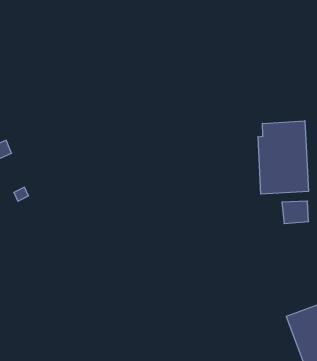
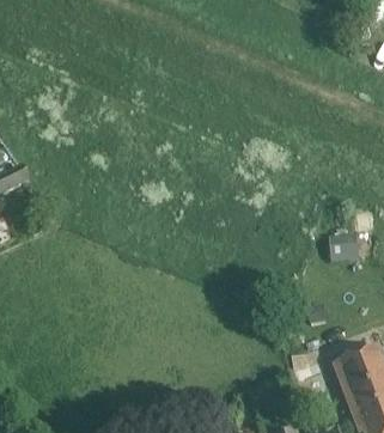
building: [258,121,308,194] -> none

